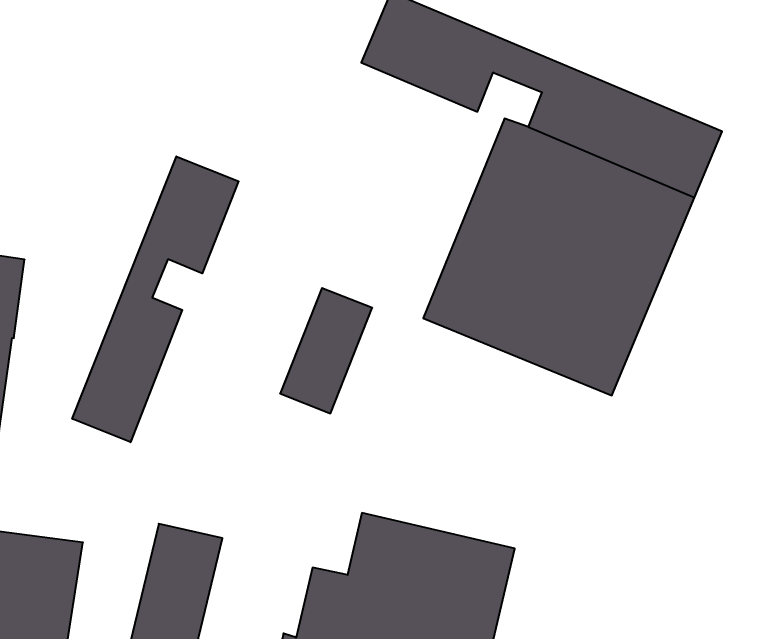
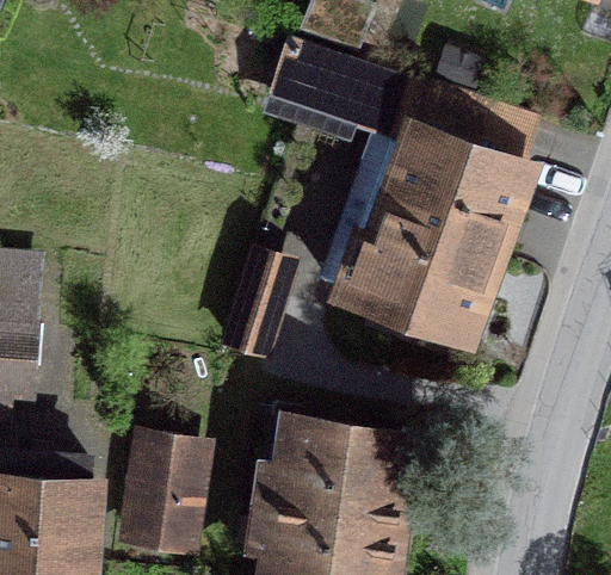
building: [72,156,239,442] -> none

